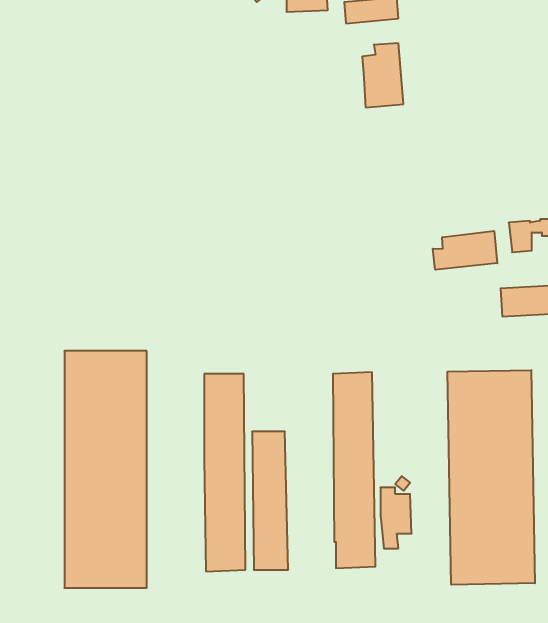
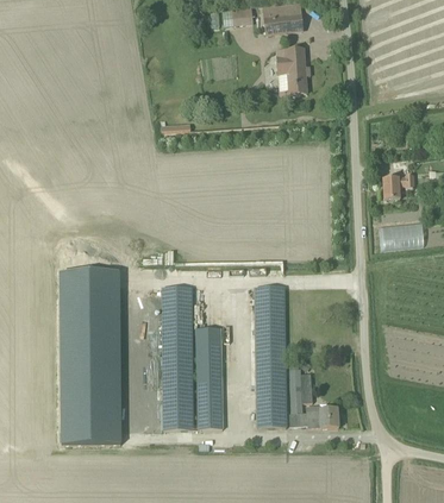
building: [433,231,497,270] -> none
building: [448,370,535,585] -> none
building: none -> [306,405,338,427]

